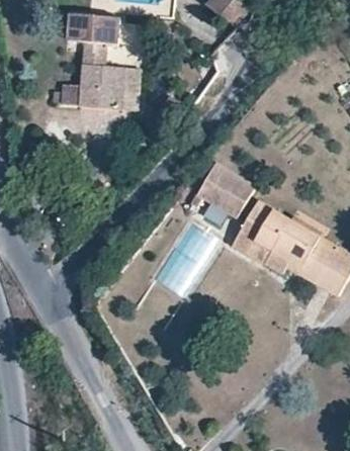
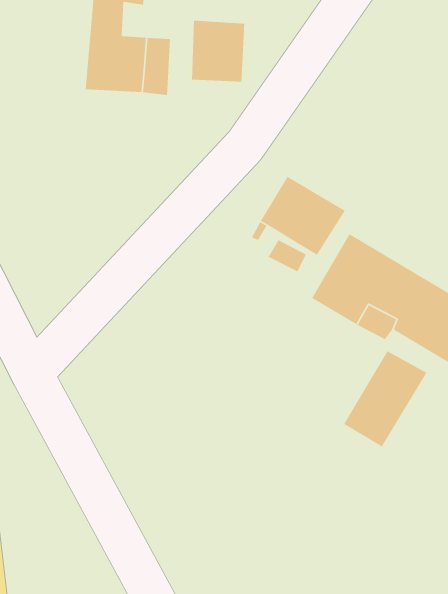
building: none -> [191,20,245,83]
building: none -> [343,350,428,447]

